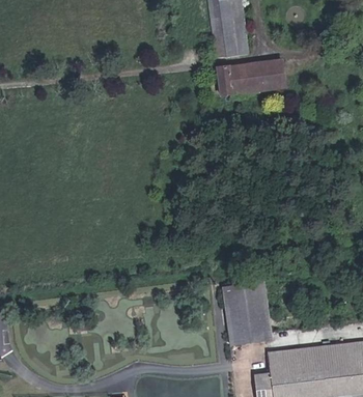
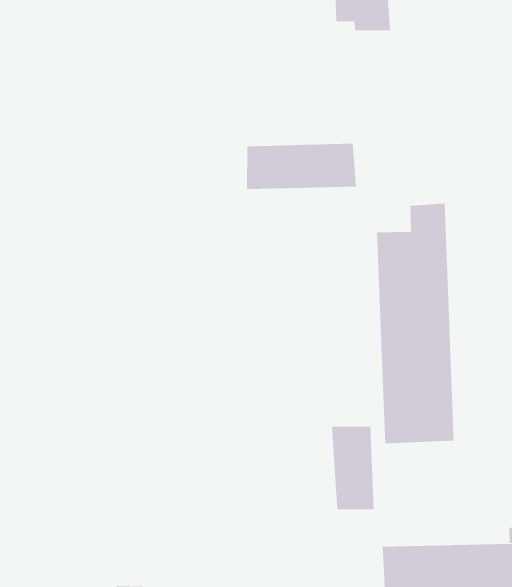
building: [220,61,285,93] -> [246,143,357,189]
building: none -> [376,203,454,444]

